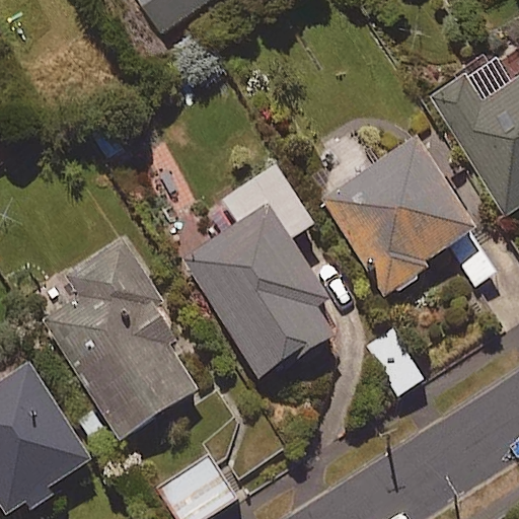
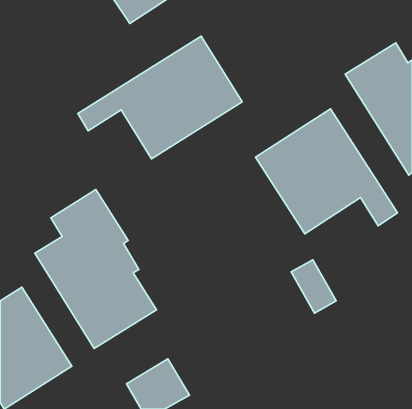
building: none -> [78,36,242,159]
building: [184,165,333,381] -> none

